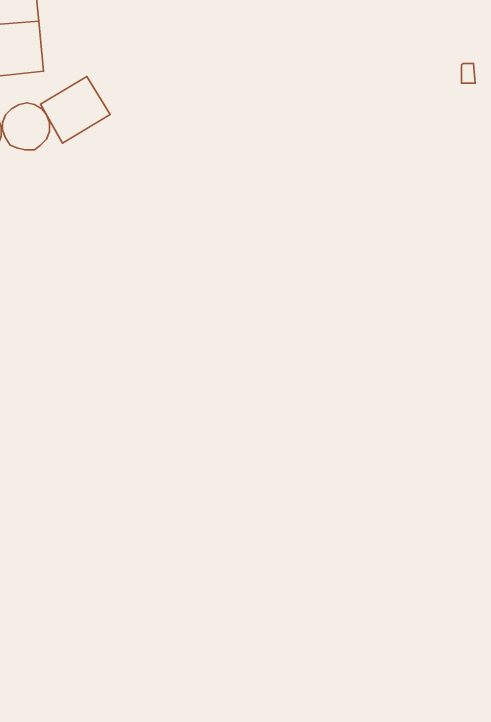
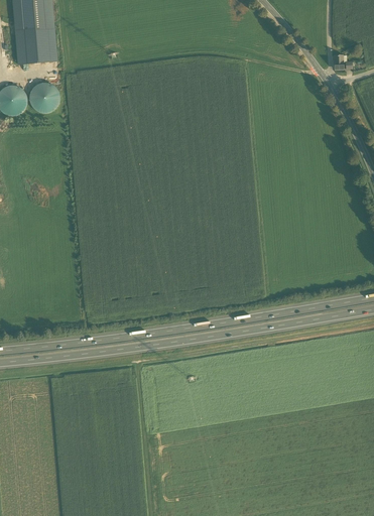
building: [40,77,110,143] -> none

